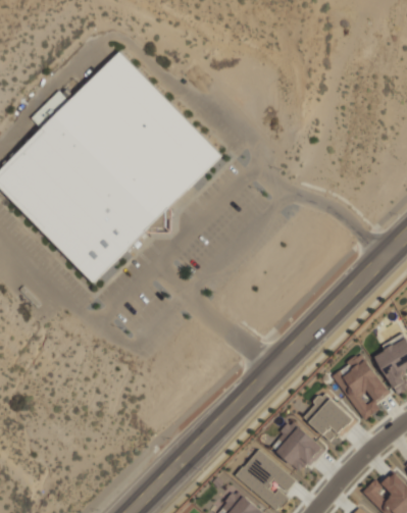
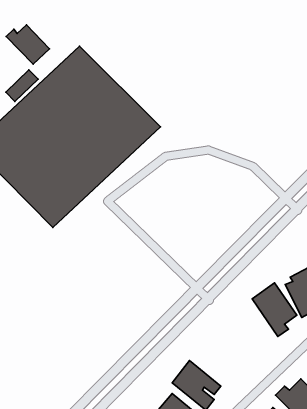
building: none -> [6,25,49,64]
building: [303,393,355,442] -> none
building: [270,420,324,473] -> none

